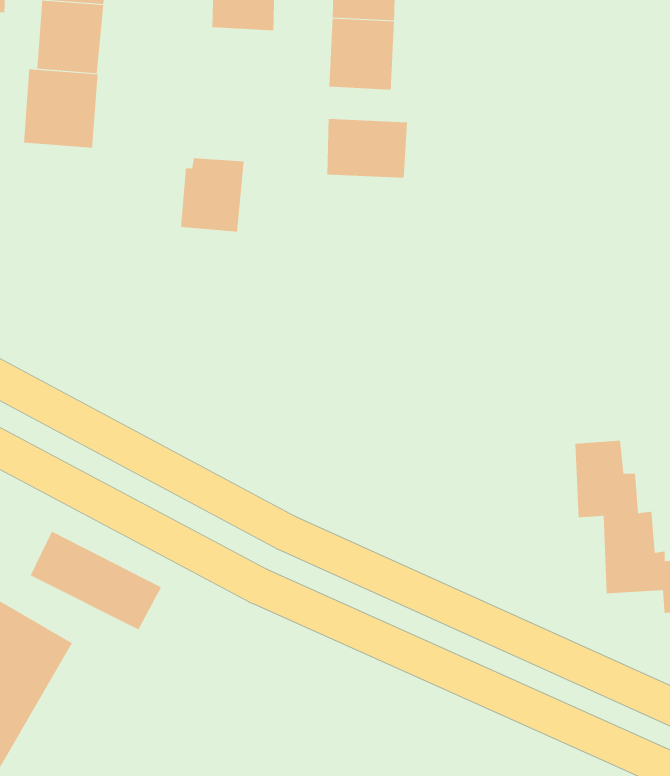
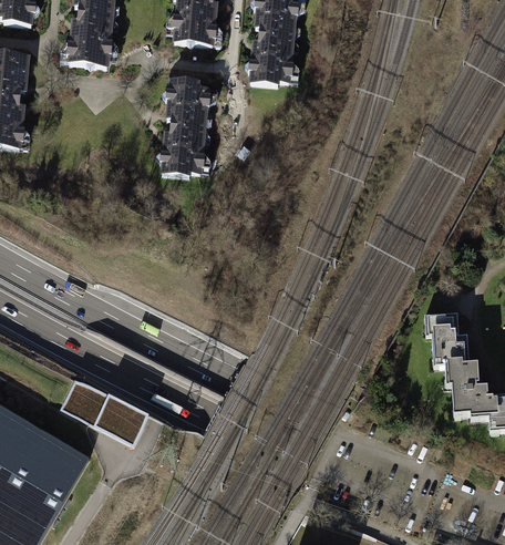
building: [23,68,98,149] -> none
building: none -> [166,79,208,128]
building: [327,118,407,179] -> none

